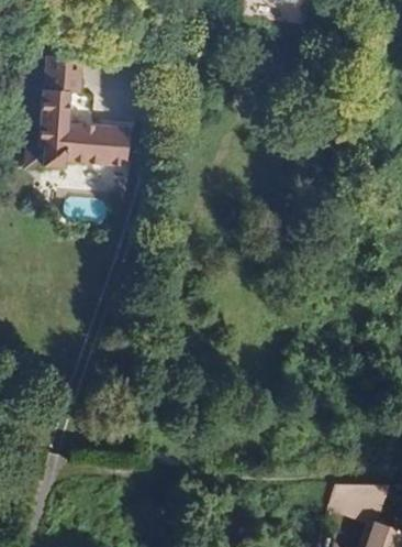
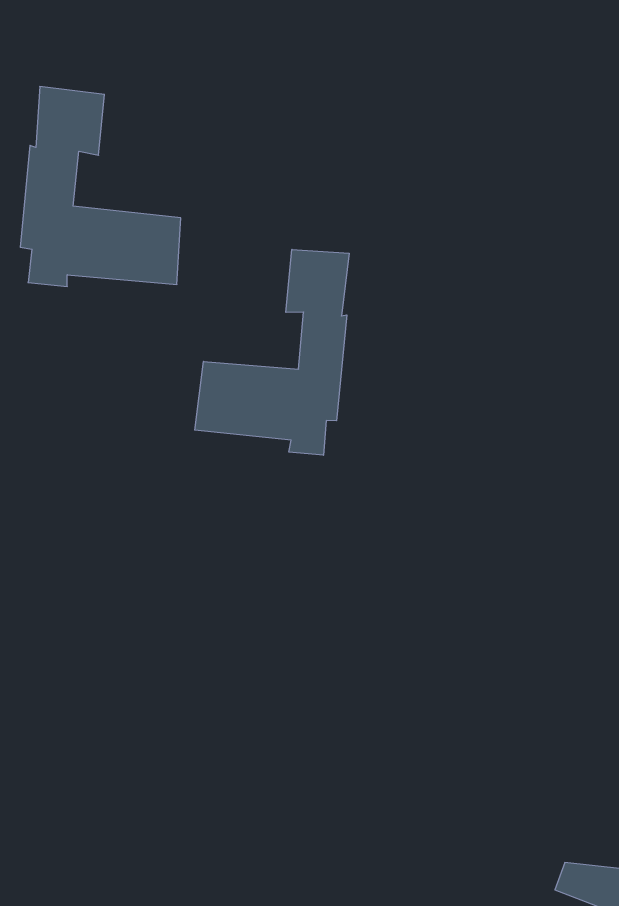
building: none -> [195,249,349,455]

